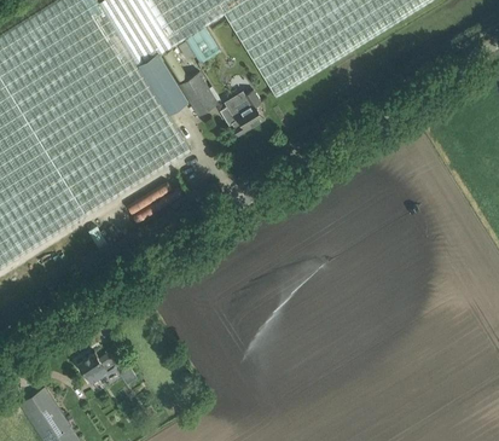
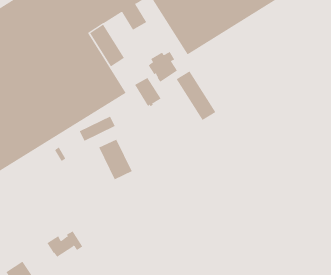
building: [179,72,217,115] -> [134,77,161,107]
building: none -> [176,70,216,121]
building: none -> [98,139,132,180]

